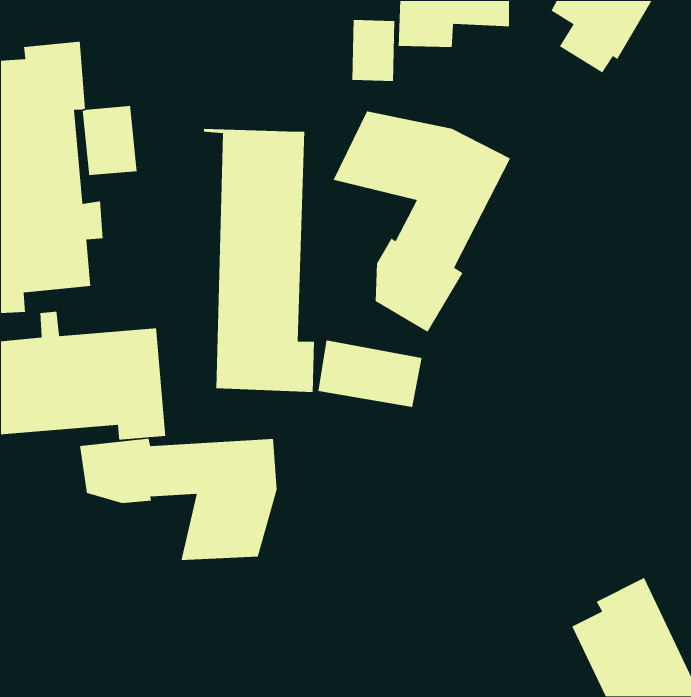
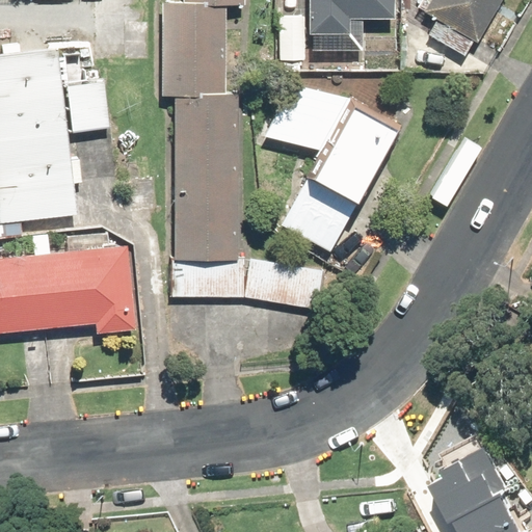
building: none -> [159,5,225,100]
building: [79,438,277,561] -> none

